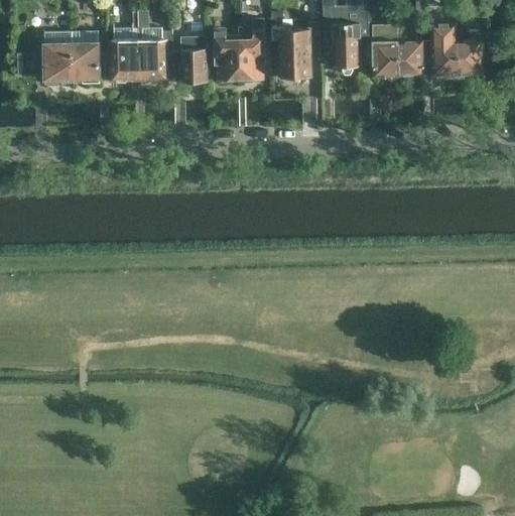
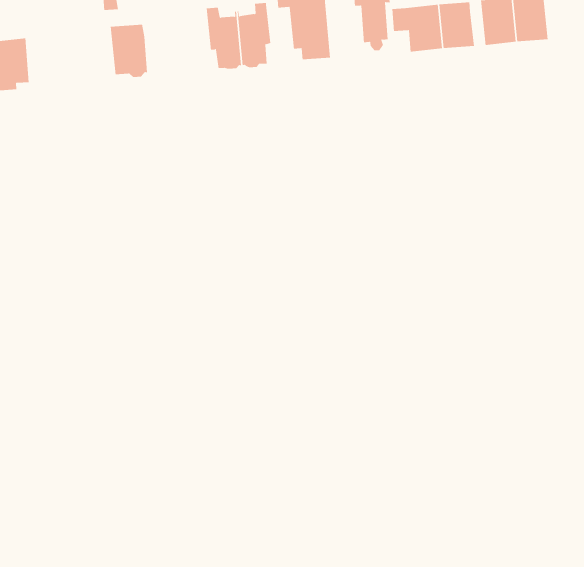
building: [180,34,208,80] -> none
building: [112,38,139,81] -> none
building: [72,42,100,82] -> none

